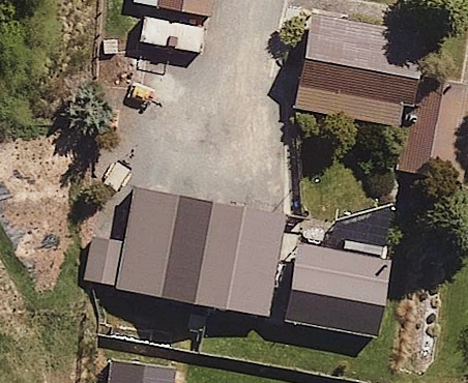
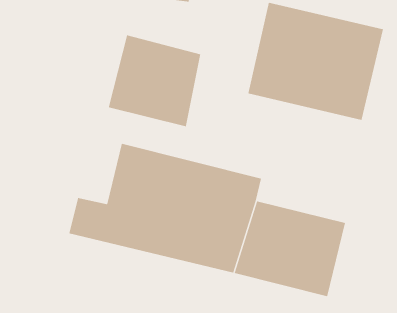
building: none -> [108,35,201,127]

